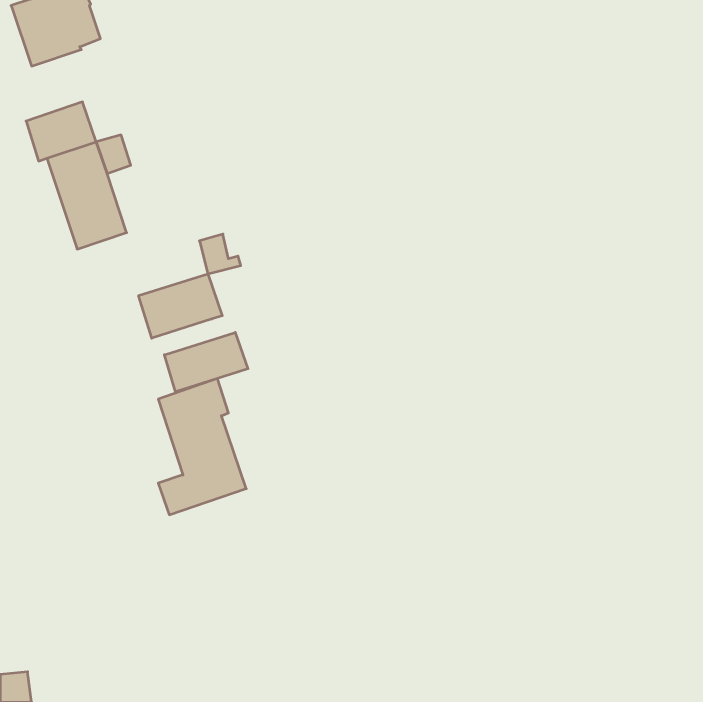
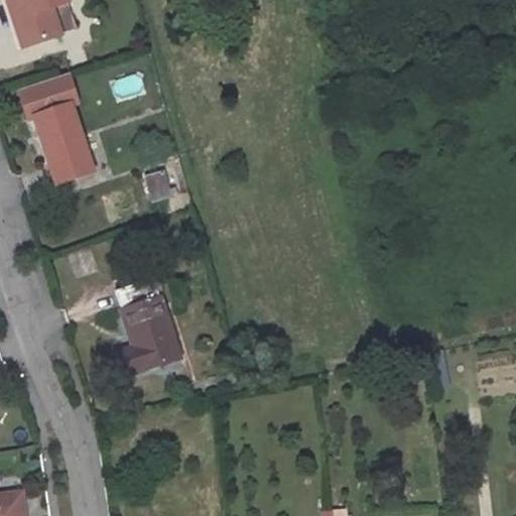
building: [139,274,222,338] -> none
building: [164,332,248,392] -> none

